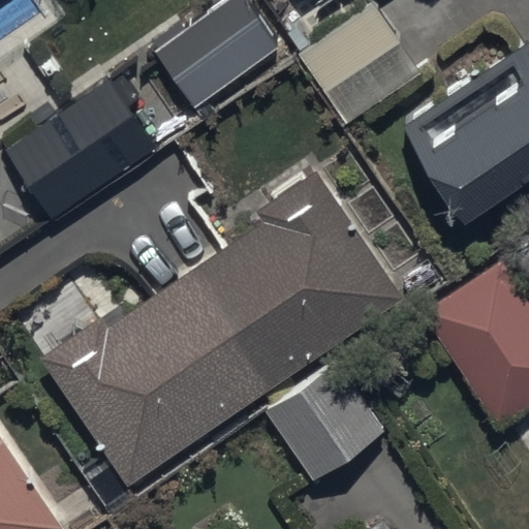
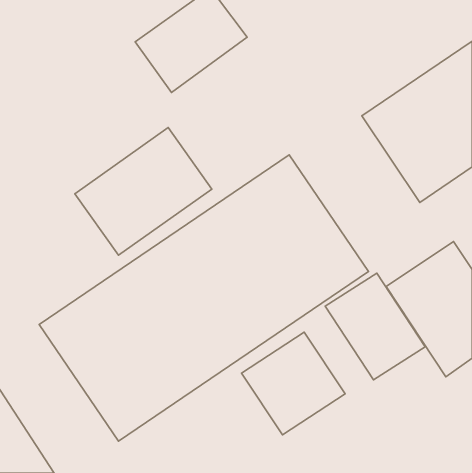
building: [299,5,421,125] -> none
building: [5,77,157,219] -> [75,127,212,255]
building: none -> [325,273,425,380]

